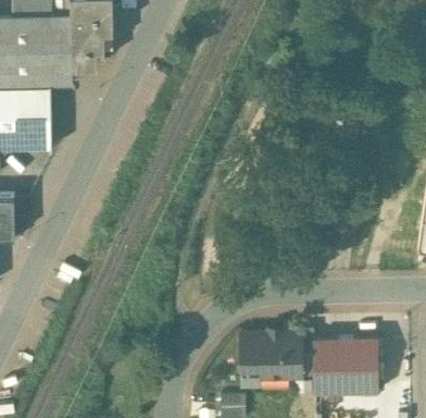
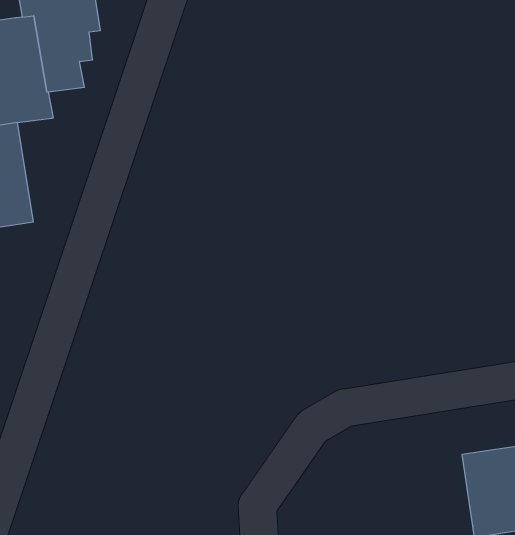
building: [240,334,301,378] -> none

